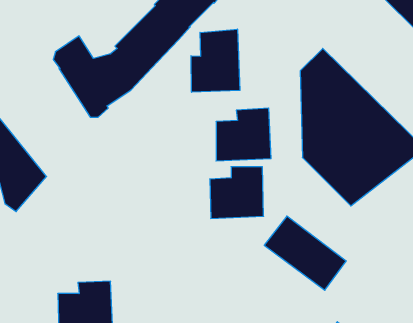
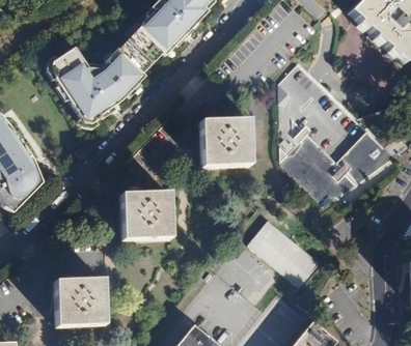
building: [191,29,240,92] -> none
building: [210,167,264,218] -> [120,192,170,239]

